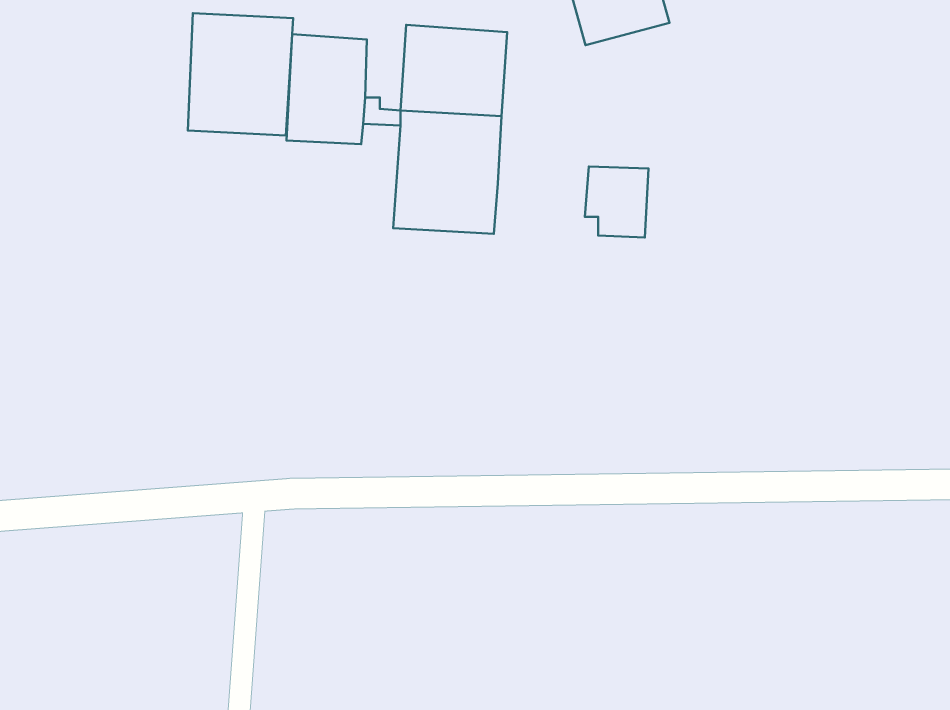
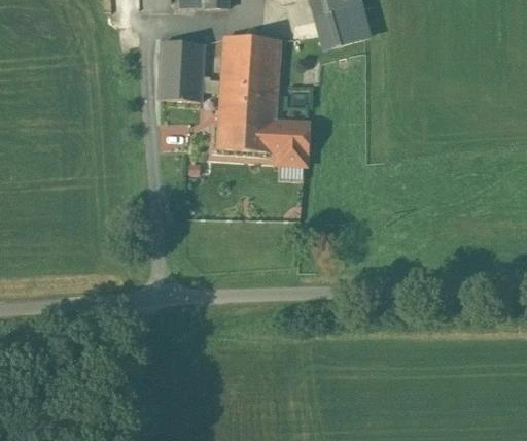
building: [188,13,293,135] -> none
building: [585,167,648,237] -> [273,123,308,162]

